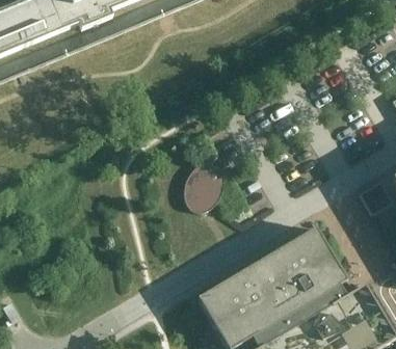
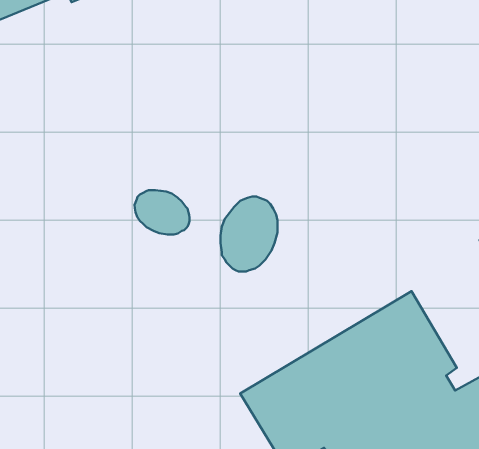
building: none -> [135,190,189,235]

